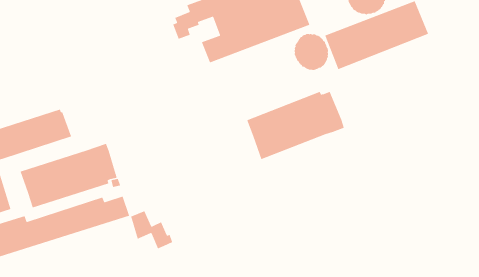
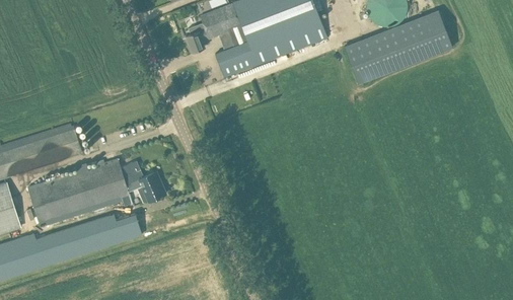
building: [294,33,329,71] -> none
building: [246,91,345,160] -> none
building: [130,210,173,249] -> [121,161,165,202]

